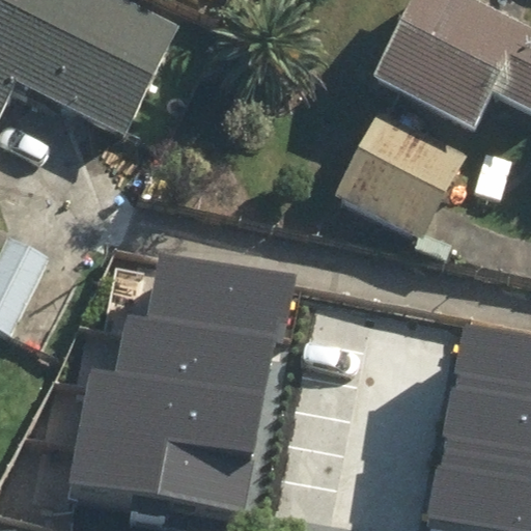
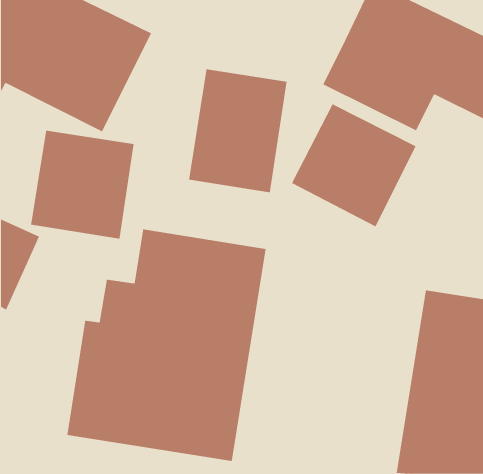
building: none -> [188,69,287,193]
building: none -> [31,130,134,239]

